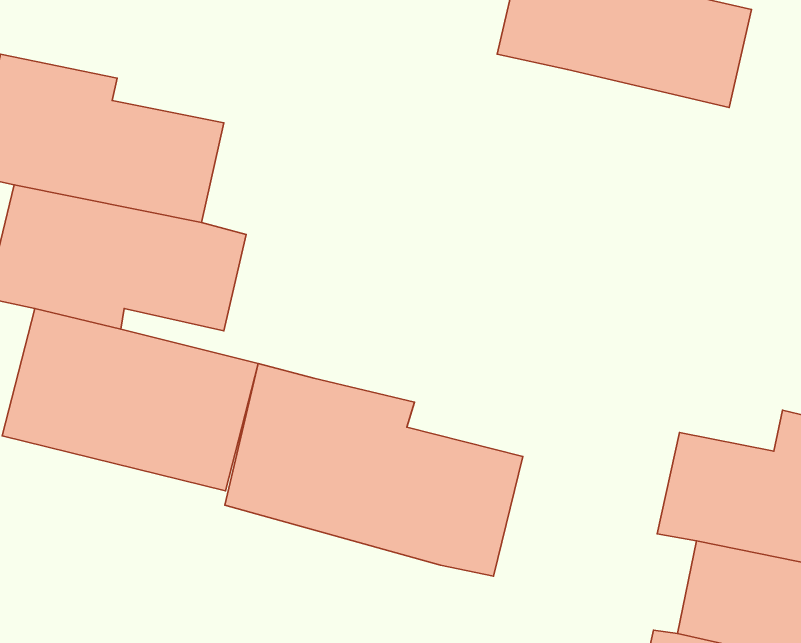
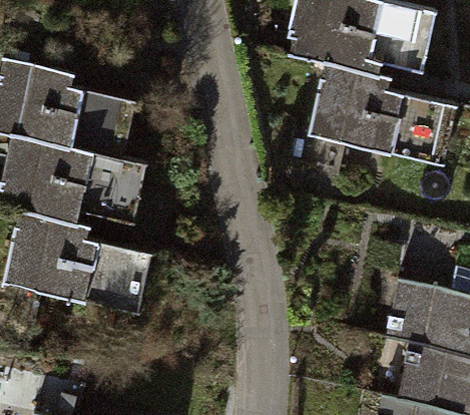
building: none -> [319,67,464,160]
building: [225,364,523,576] -> none

